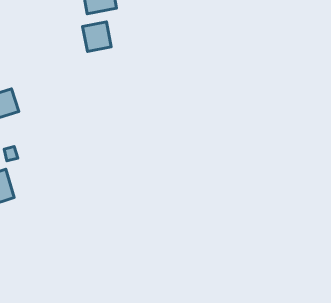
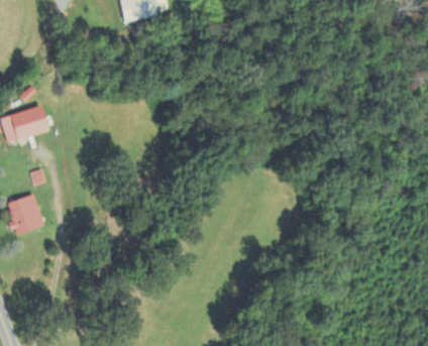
building: [83,22,111,52] -> none

